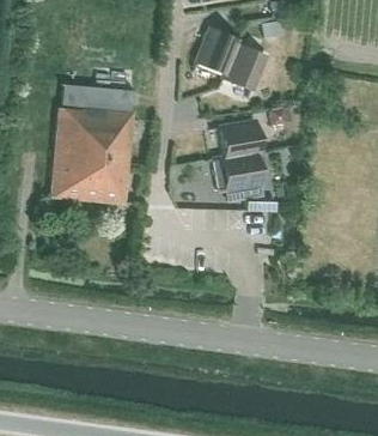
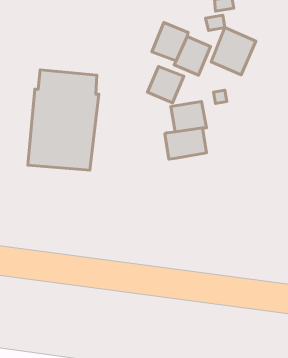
building: none -> [211,27,256,75]
building: none -> [147,66,184,103]

